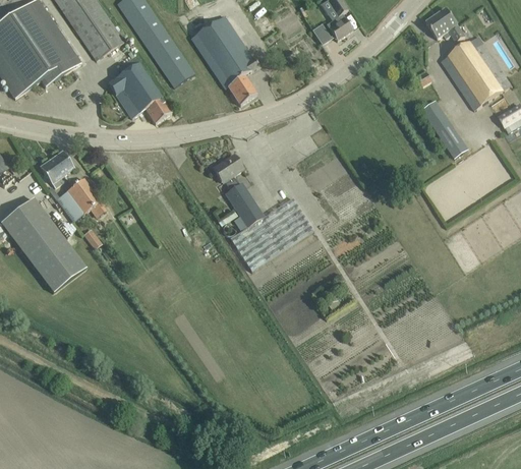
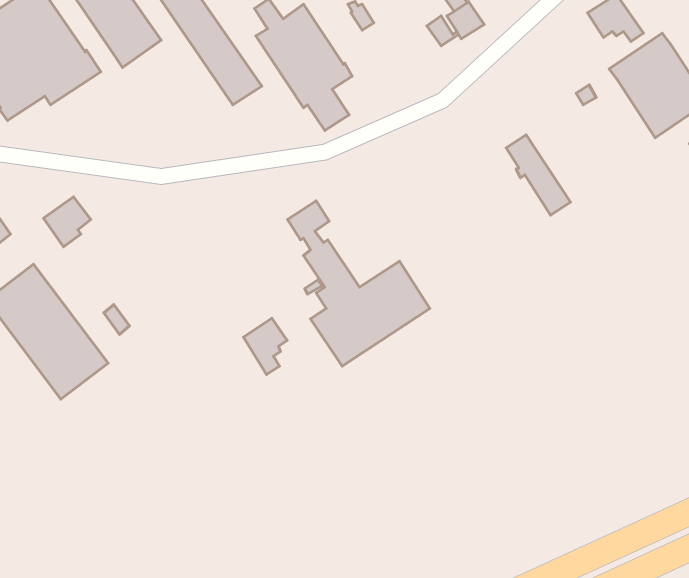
building: [108,55,171,122] -> none
building: [421,100,467,157] -> [506,135,571,215]
building: [47,177,100,221] -> none
building: none -> [244,318,287,375]

